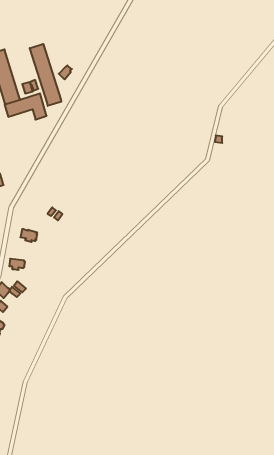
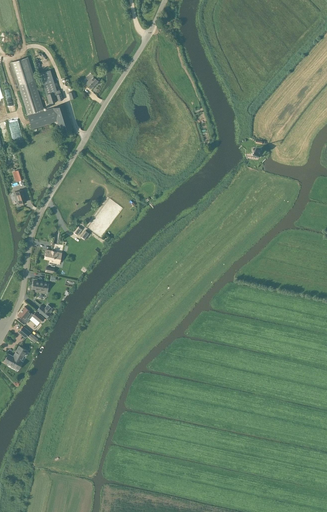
building: [30,44,61,106] -> none

